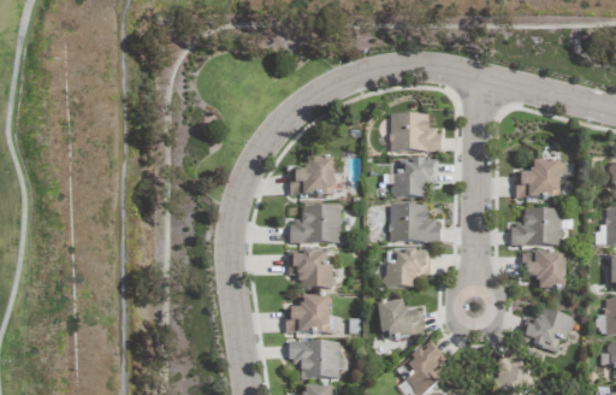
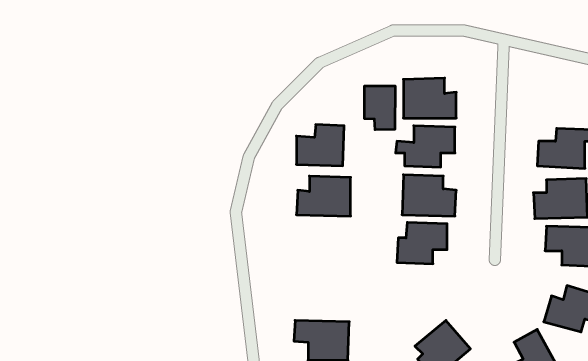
building: none -> [365,86,395,130]
building: [288,248,333,288] -> none
building: [285,295,328,331] -> none
building: [377,299,426,340] -> none

